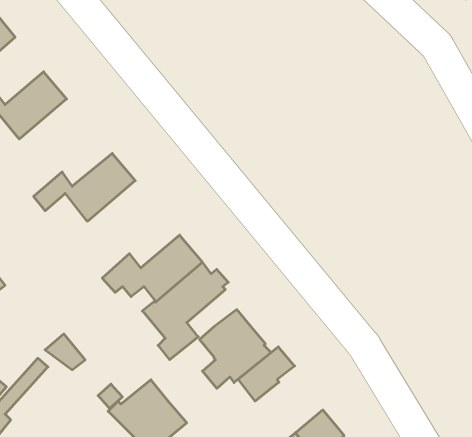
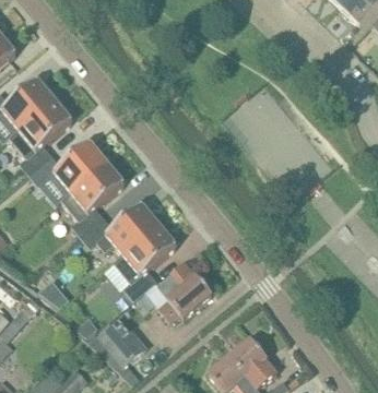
building: none -> [10,102,74,176]
building: none -> [62,164,127,238]
building: [238,347,295,401] -> none

